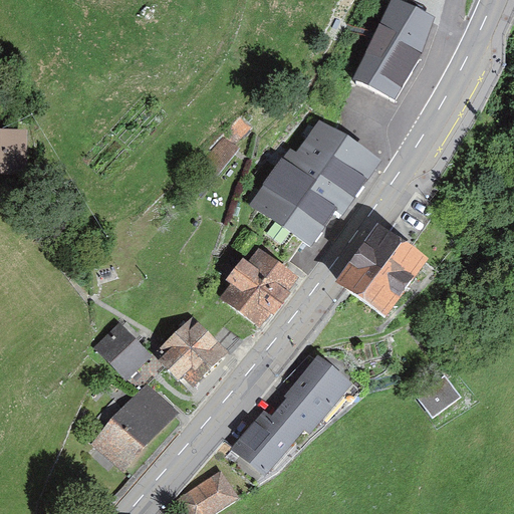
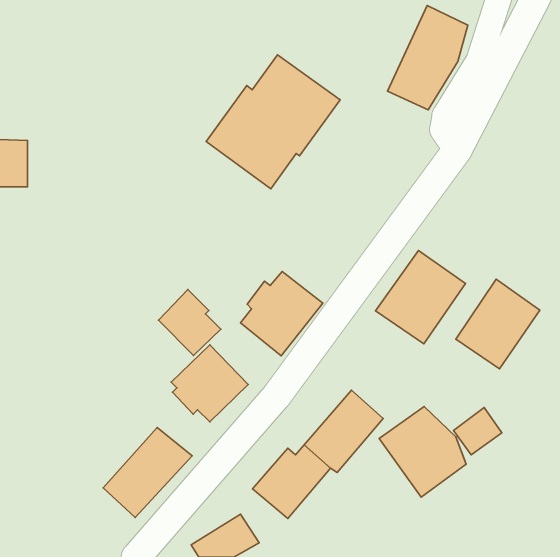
building: [253,119,375,242] -> [206,55,340,189]
building: none -> [456,279,540,369]
building: [93,317,151,377] -> [158,290,221,355]
building: none -> [379,407,466,497]

